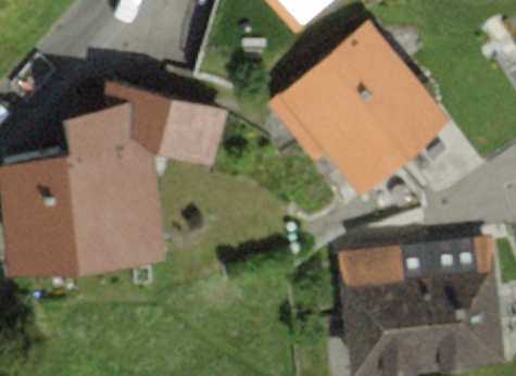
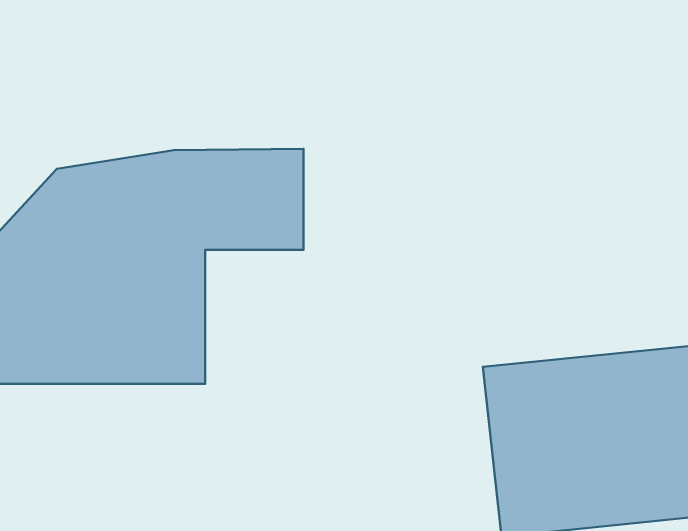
building: [282,26,448,190] -> none

